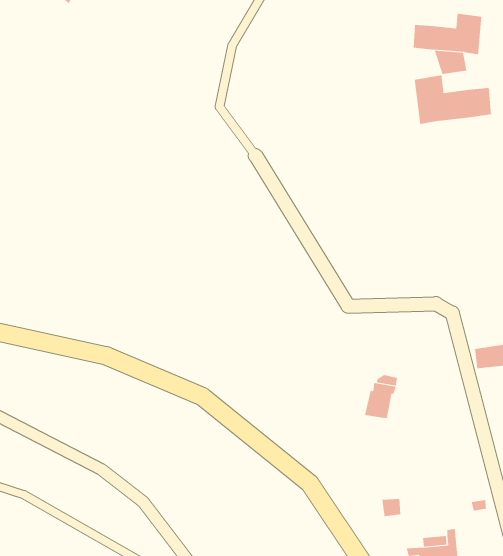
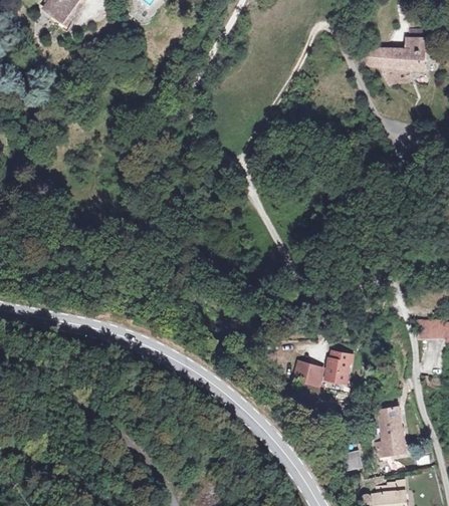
building: [414,74,492,125] -> none
building: none -> [292,360,325,389]
building: none -> [374,409,405,458]

